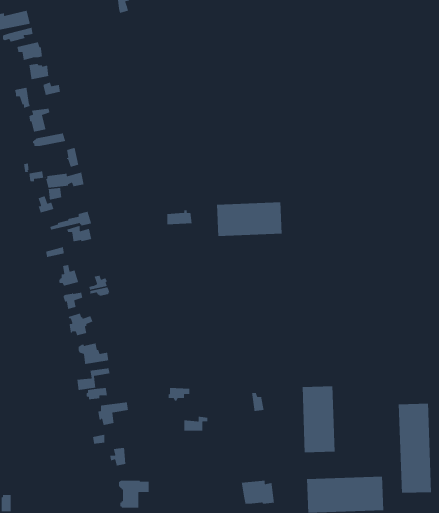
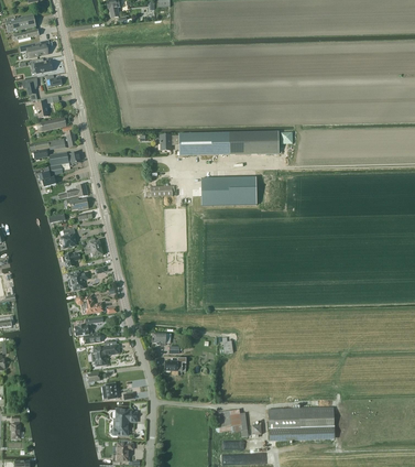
building: none -> [162,131,281,155]
building: [302,385,335,453] -> none
building: [398,403,432,494] -> none

